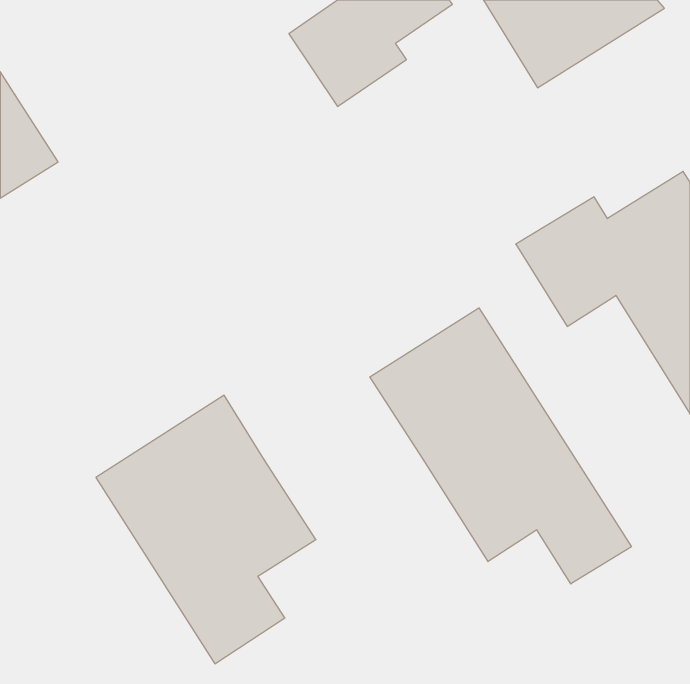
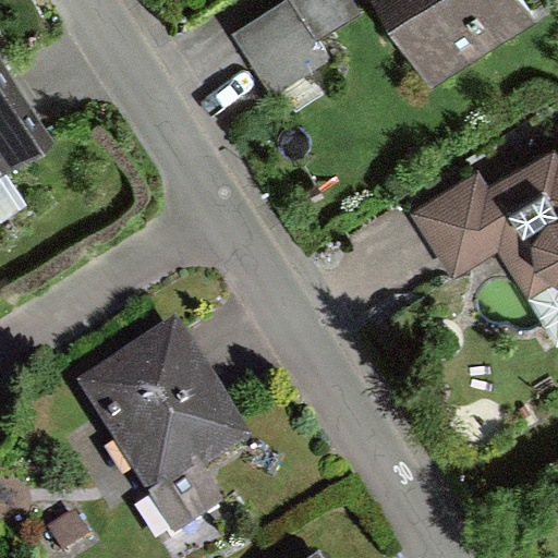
building: [370,308,631,584] -> none

